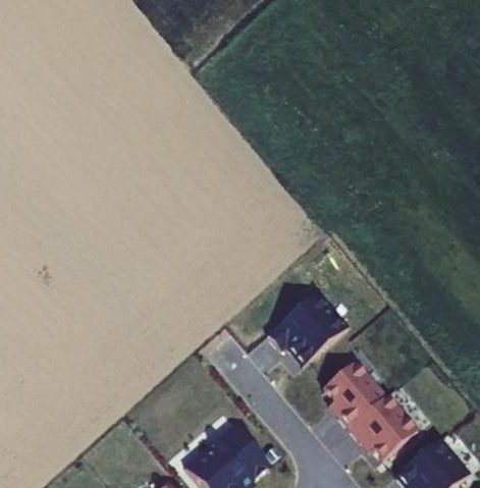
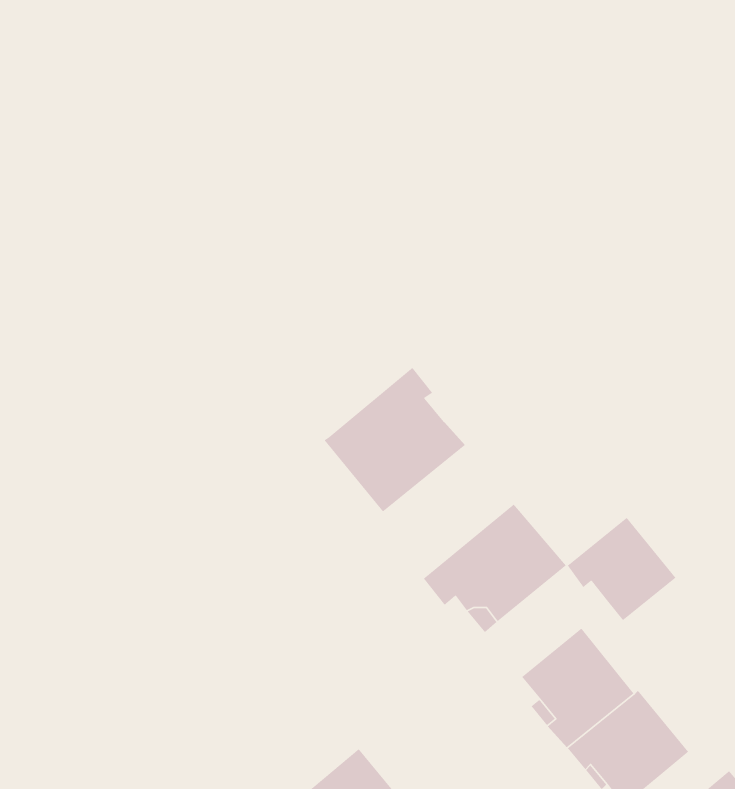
building: none -> [323,367,466,513]
building: none -> [567,517,677,621]

